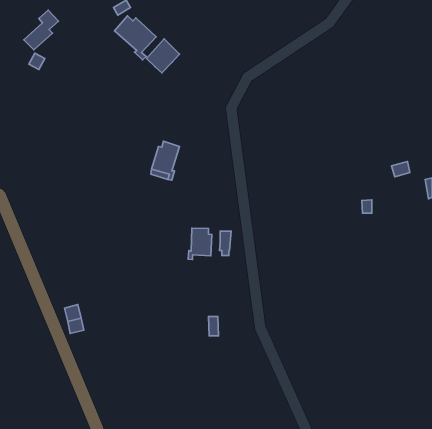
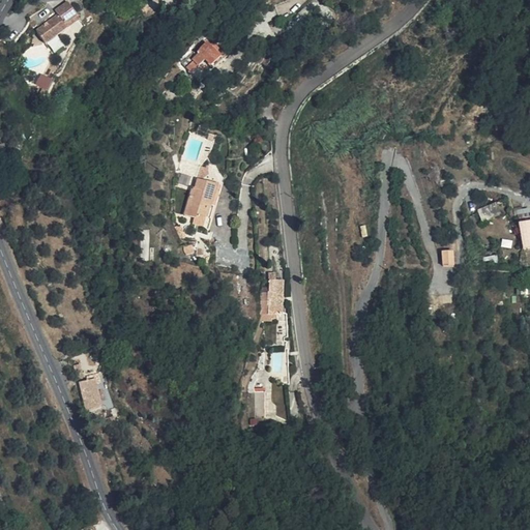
building: [115,16,156,60] -> none
building: [188,228,212,260] -> none

